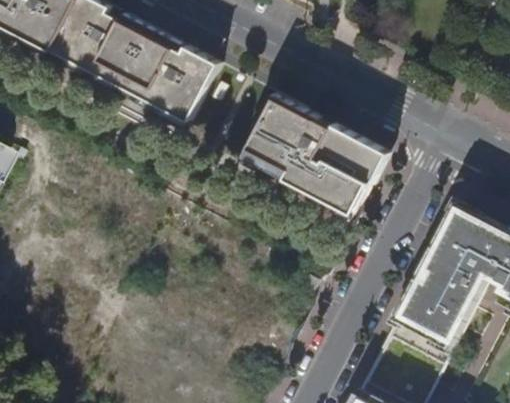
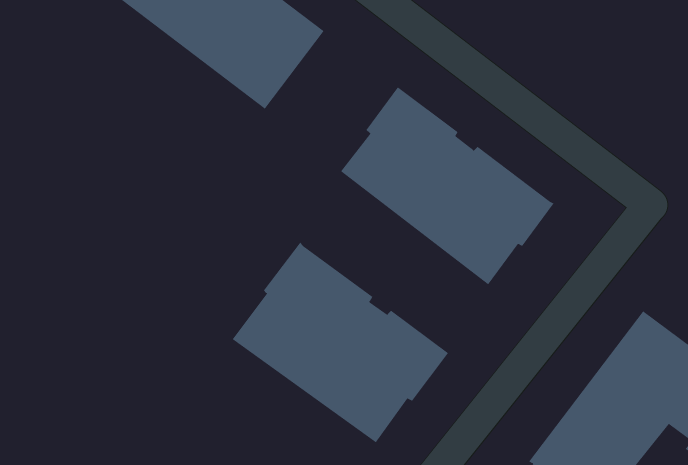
building: none -> [232,242,449,443]

